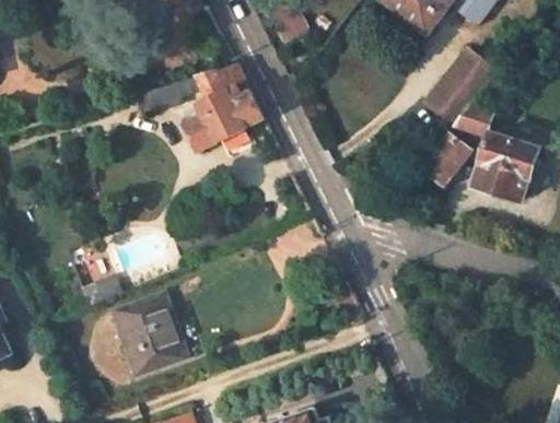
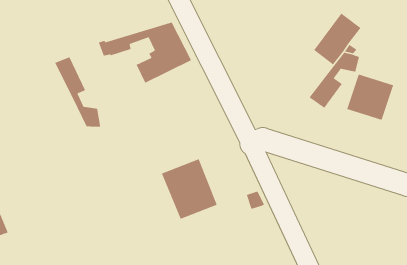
building: none -> [54,56,101,128]
building: [112,293,189,377] -> [161,158,218,220]

